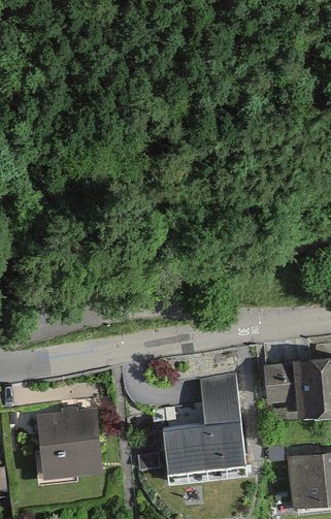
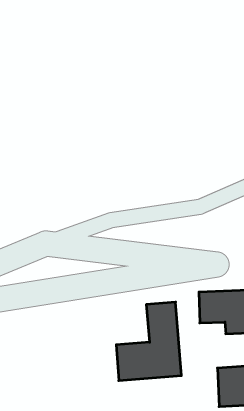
building: [38,408,101,480] -> none

